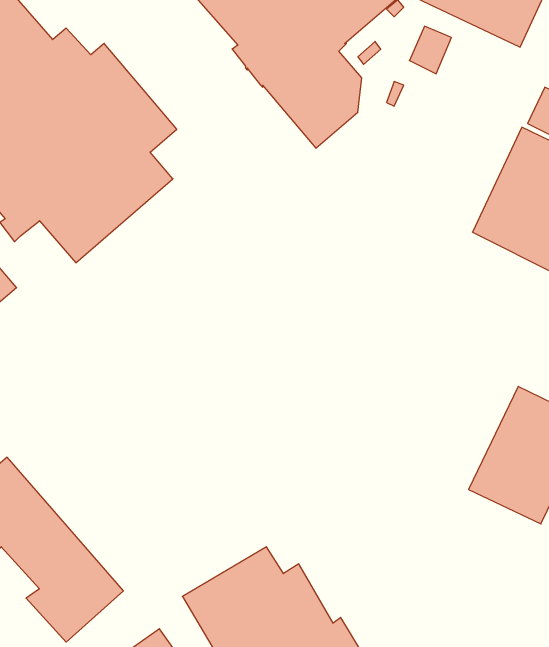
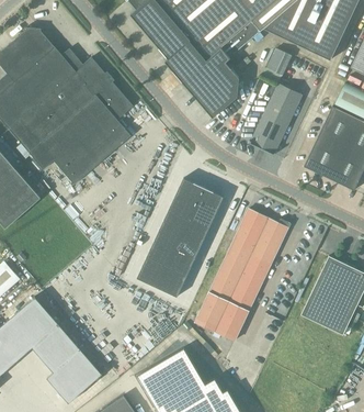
building: none -> [250,83,302,155]
building: none -> [136,178,224,297]
building: none -> [195,210,287,341]

